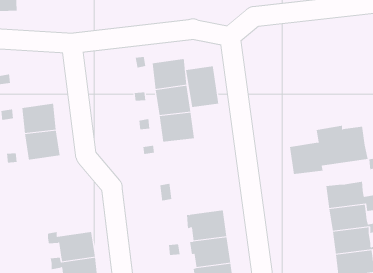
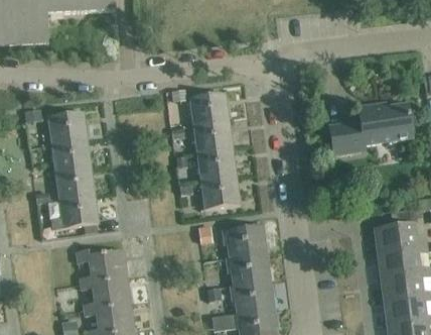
building: [186,65,219,108] -> none
building: none -> [48,110,87,143]
building: [289,125,368,175] -> [329,101,413,153]
building: none -> [201,176,239,208]
building: none -> [51,194,98,228]
building: none -> [223,223,266,256]
building: none -> [76,247,127,280]

